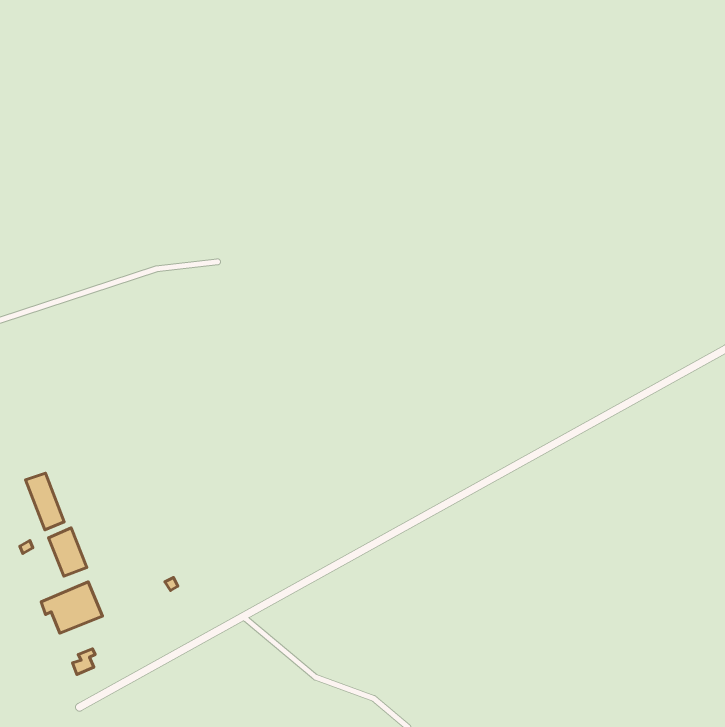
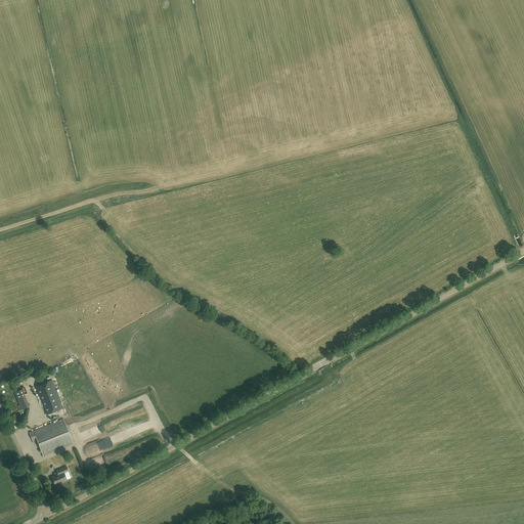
building: [25,473,64,530] -> none

